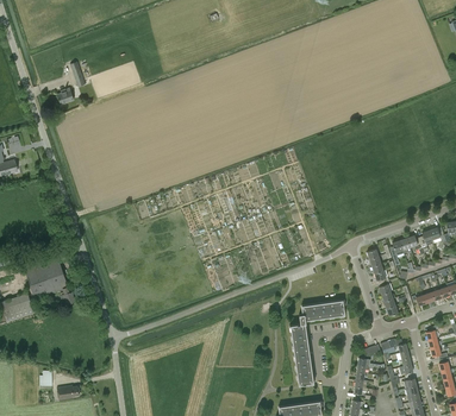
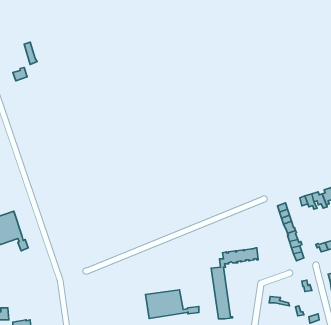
building: none -> [145,290,199,319]

